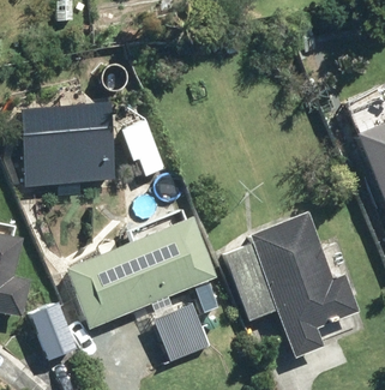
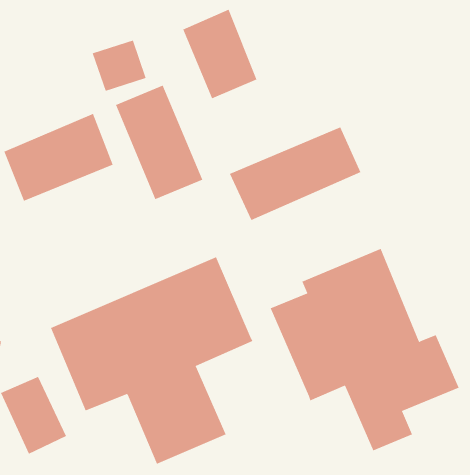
building: none -> [182,9,257,99]
building: none -> [229,126,361,221]

